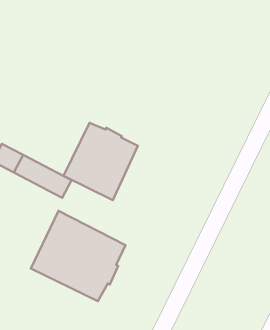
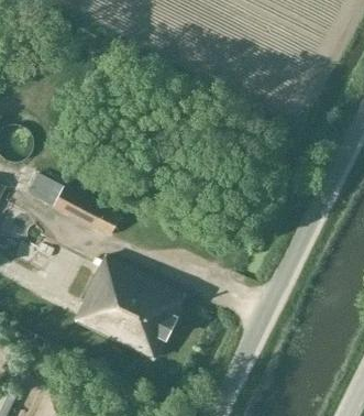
building: [64,123,138,200] -> none

